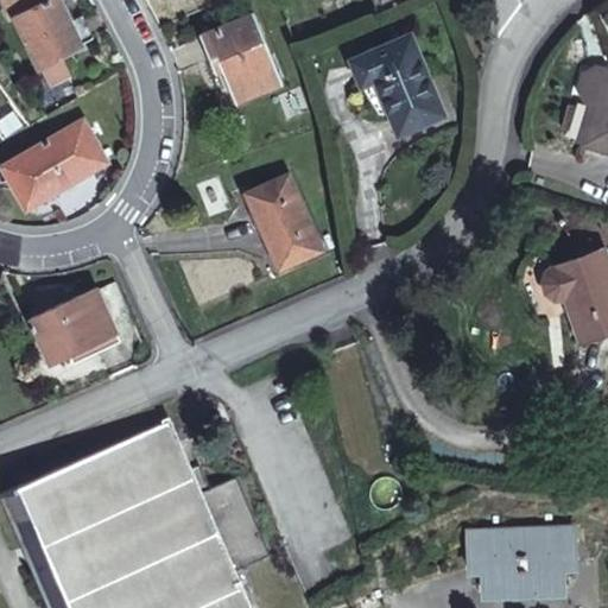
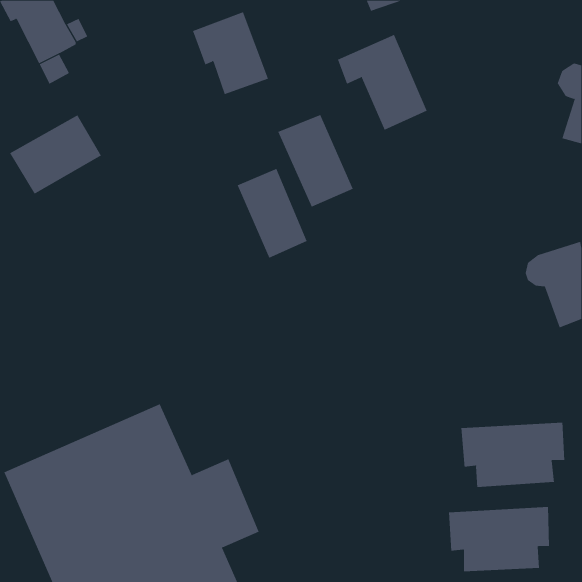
building: none -> [278,114,354,207]
building: [31,287,125,365] -> none
building: none -> [461,422,565,488]

